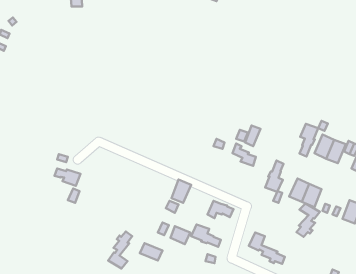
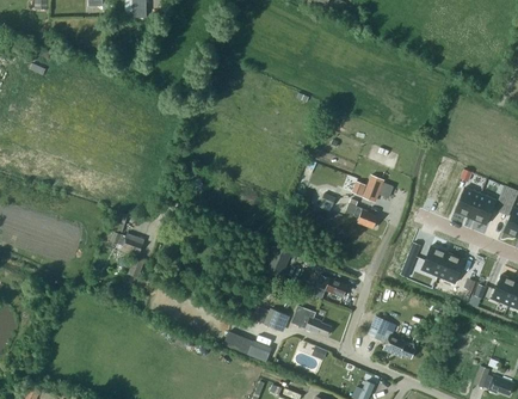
building: [300,124,318,156] -> none
building: [265,161,284,192] -> none
building: [296,203,320,237] -> none
building: [108,231,132,269] -> none

